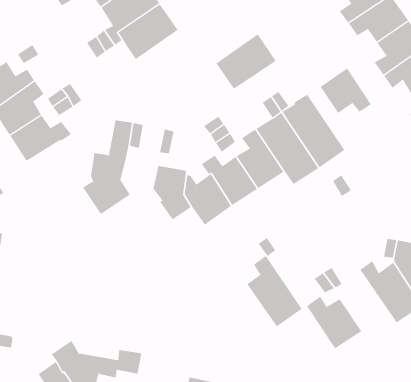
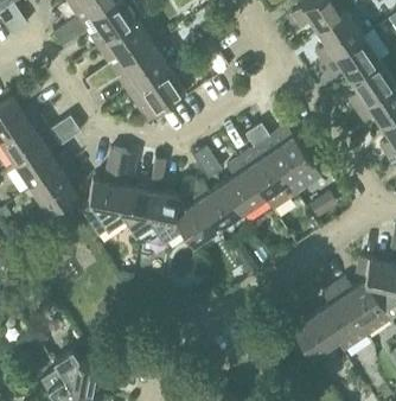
building: [215,33,277,90] -> [129,68,185,119]
building: [320,67,371,114] -> none
building: none -> [30,168,79,212]
building: none -> [116,185,153,235]
building: [247,255,303,327] -> [315,286,366,351]

